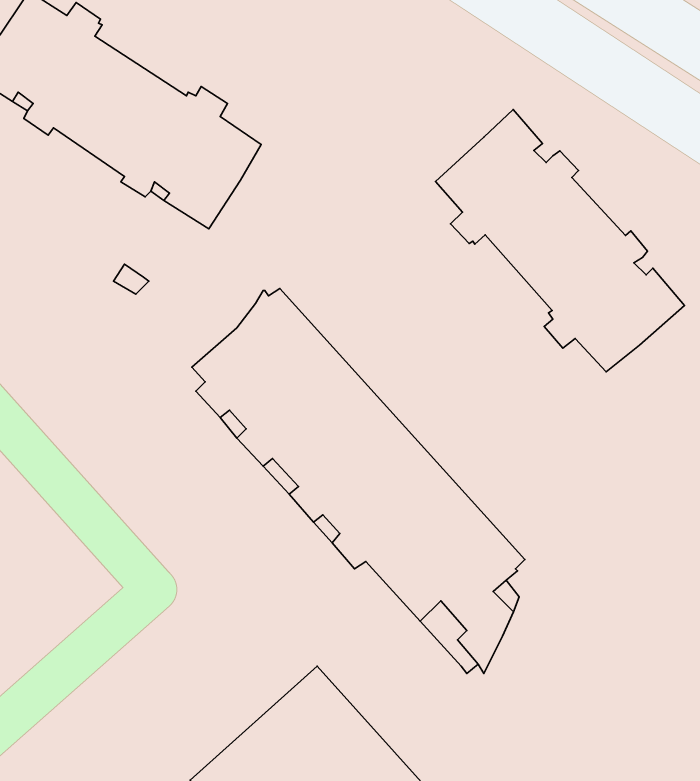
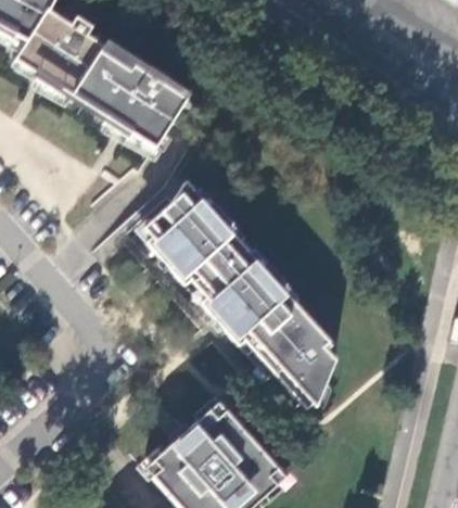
building: [435,109,684,372] -> none

